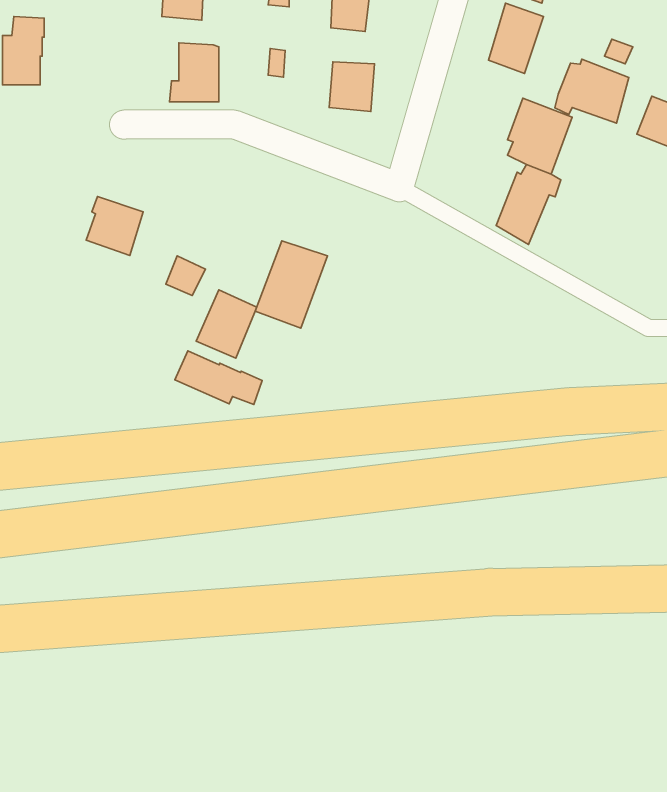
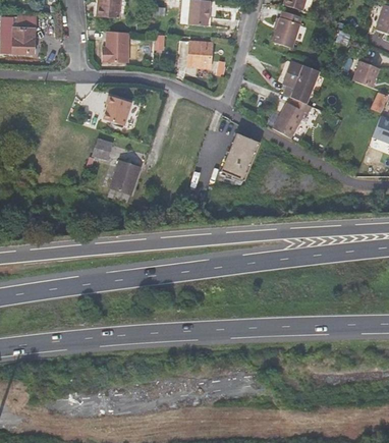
building: [555,59,629,123] -> none
building: [86,197,143,255] -> [100,96,130,127]
building: [255,241,328,328] -> [218,139,257,185]
building: [175,351,262,404] -> none

